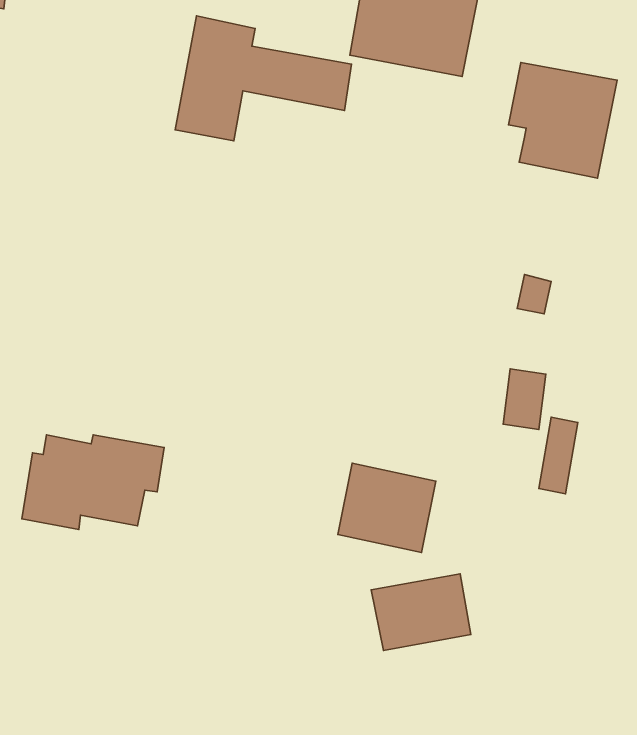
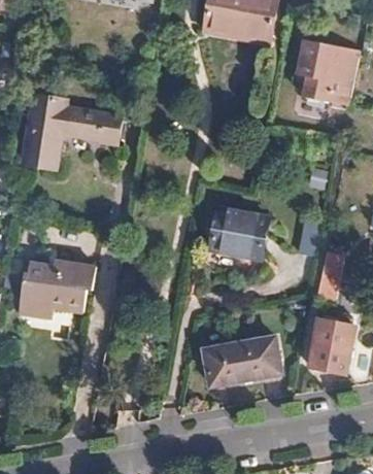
building: [175,16,352,141] -> [24,87,126,159]
building: [338,463,436,552] -> [215,213,272,265]
building: none -> [308,319,353,374]

